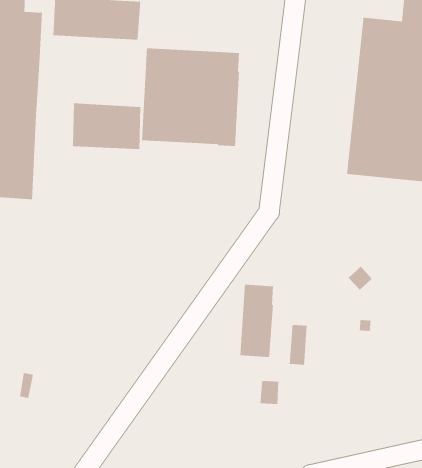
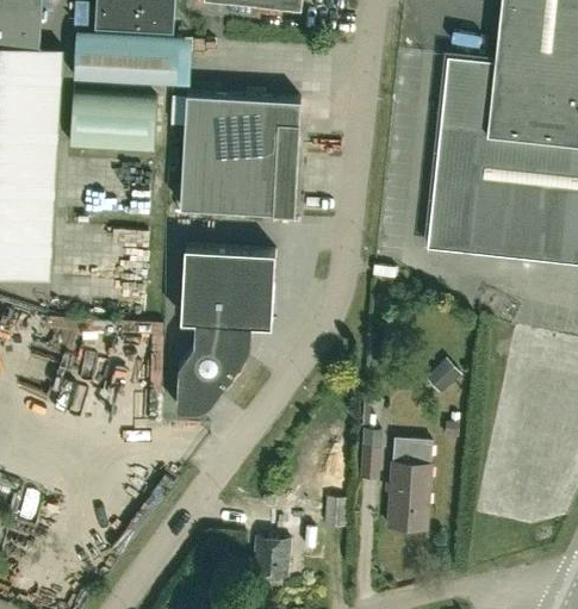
building: [72,103,141,150] -> [70,95,154,153]
building: none -> [175,247,275,410]
building: [239,284,274,358] -> [389,441,430,530]
building: none -> [253,537,290,578]

